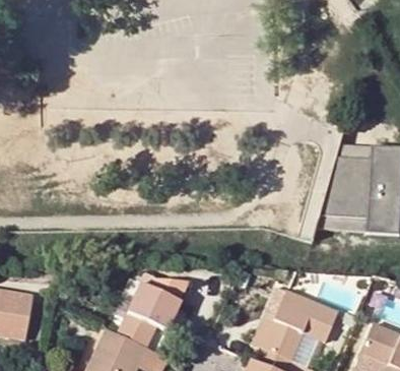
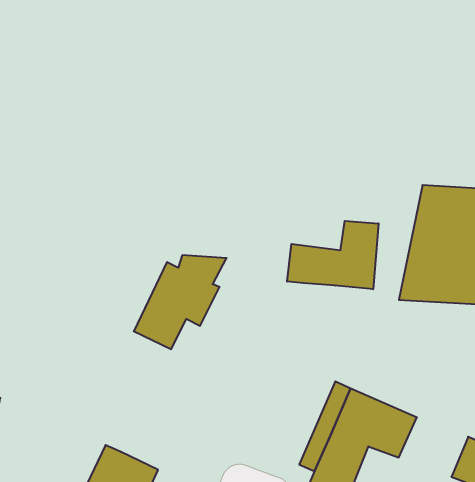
building: none -> [287,221,379,289]
building: [120,280,188,349] -> [134,255,227,349]

